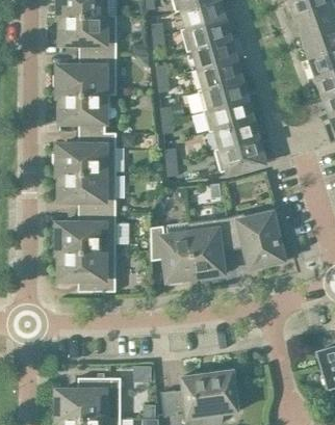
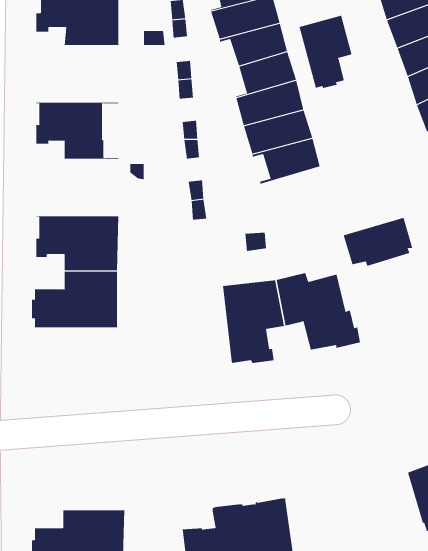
building: none -> [299,15,352,89]
building: [56,54,117,94] -> none
building: [55,133,117,172] -> none
building: [214,138,263,172] -> [343,217,413,266]
building: [149,221,195,281] -> none
building: [57,250,115,291] -> none

